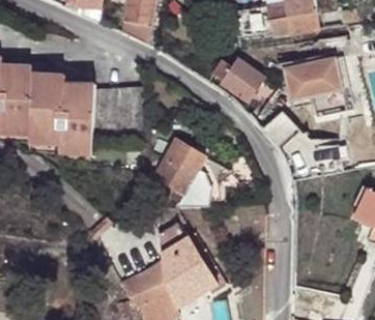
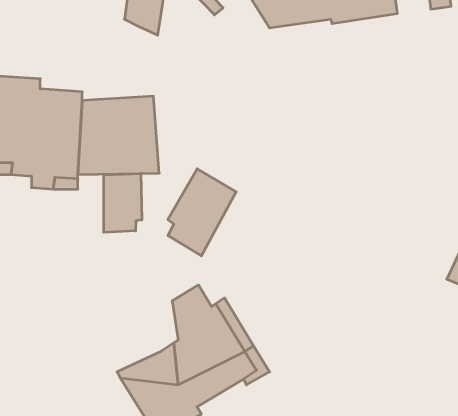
building: [279,52,340,99] -> none
building: [214,60,264,103] -> none
building: none -> [104,173,142,232]

